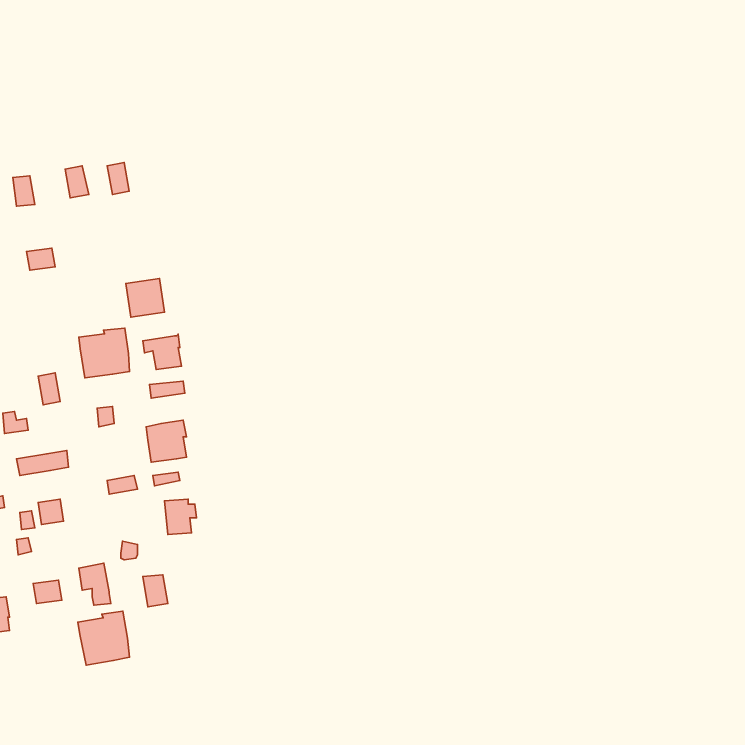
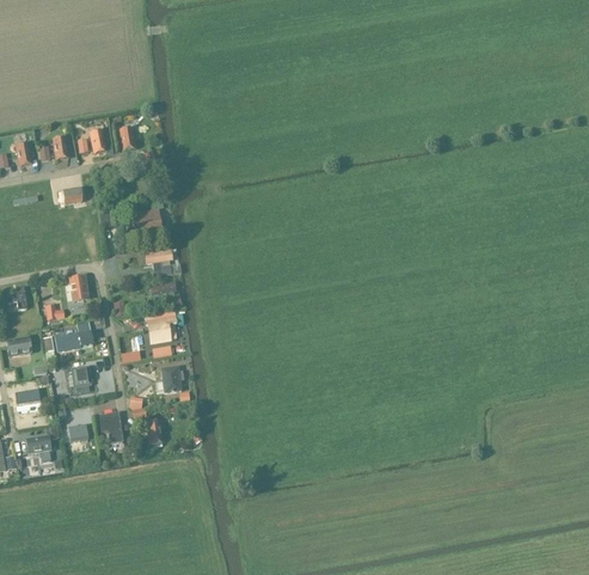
building: [79,328,129,378] -> none
building: [78,611,130,665] -> none

